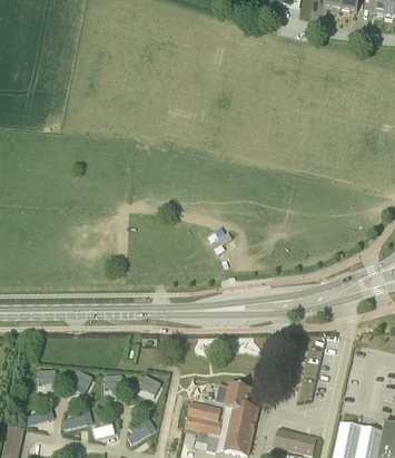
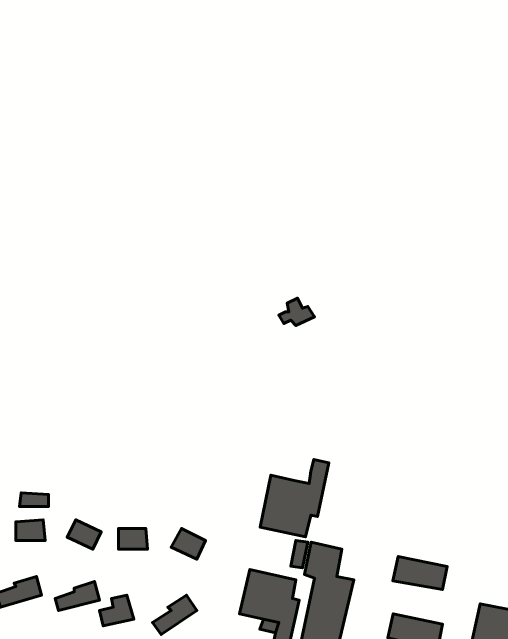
building: none -> [260,459,329,537]
building: none -> [393,556,447,589]

